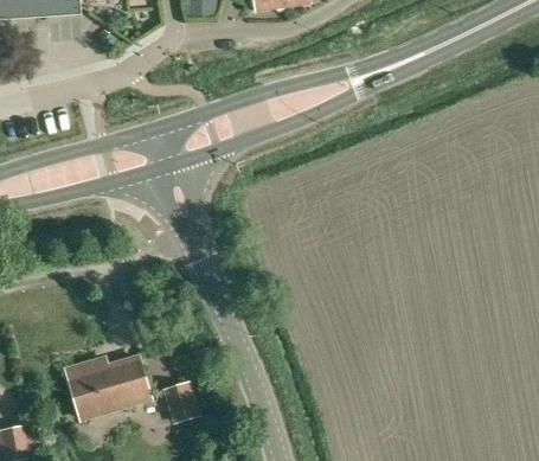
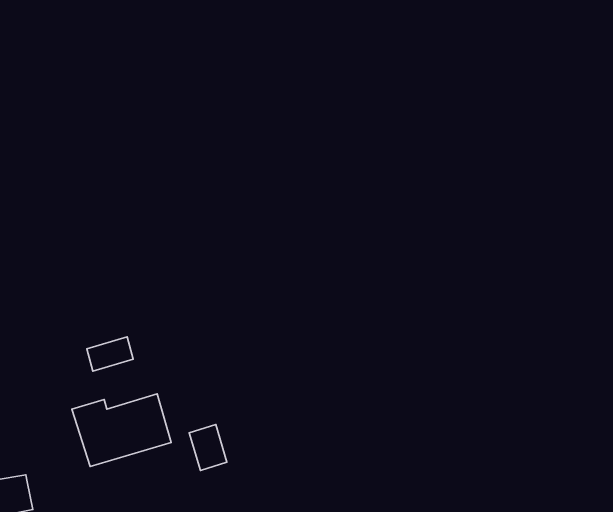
building: none -> [87,337,133,371]

